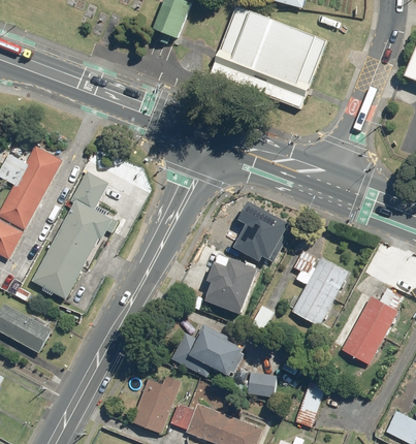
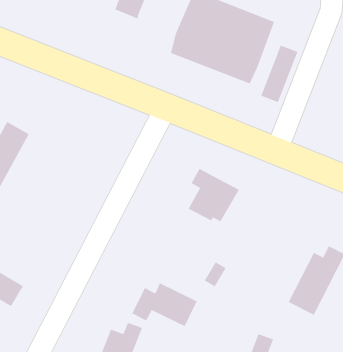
building: none -> [261,45,298,103]
building: [32,173,114,298] -> none
building: [291,246,348,326] -> none
building: [205,253,256,314] -> none
building: [246,371,275,397] -> none

